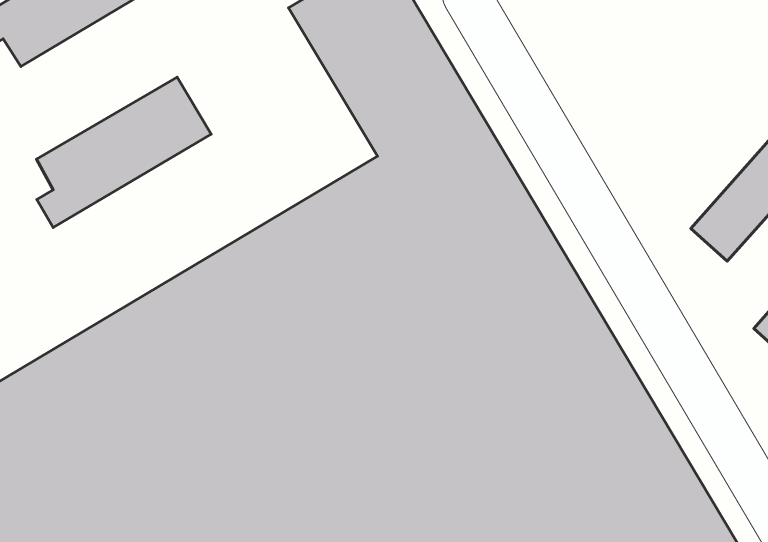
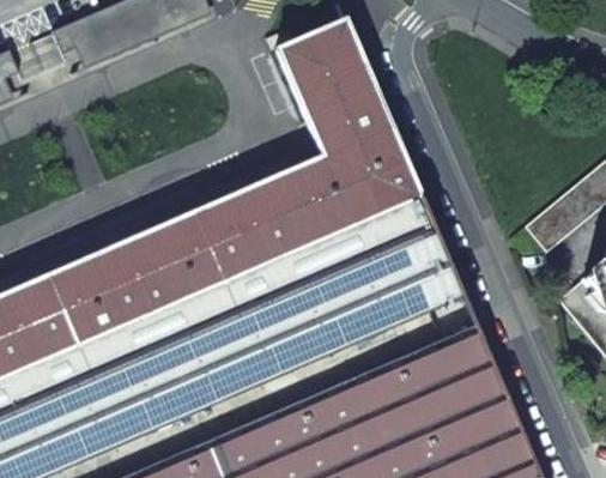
building: [36,77,211,228] -> none

